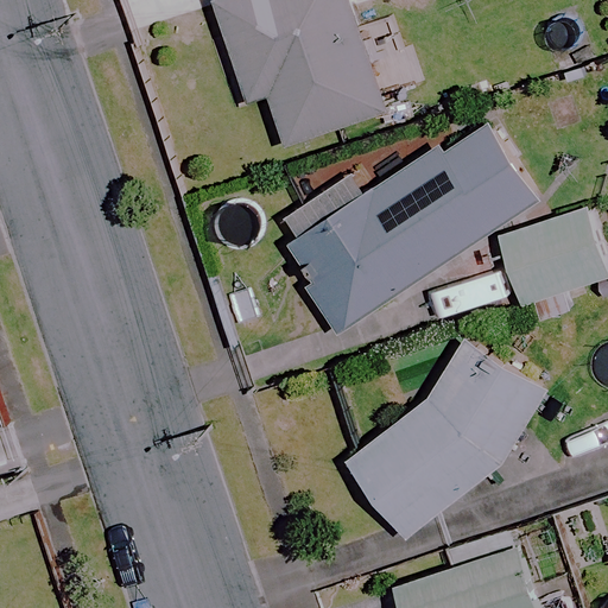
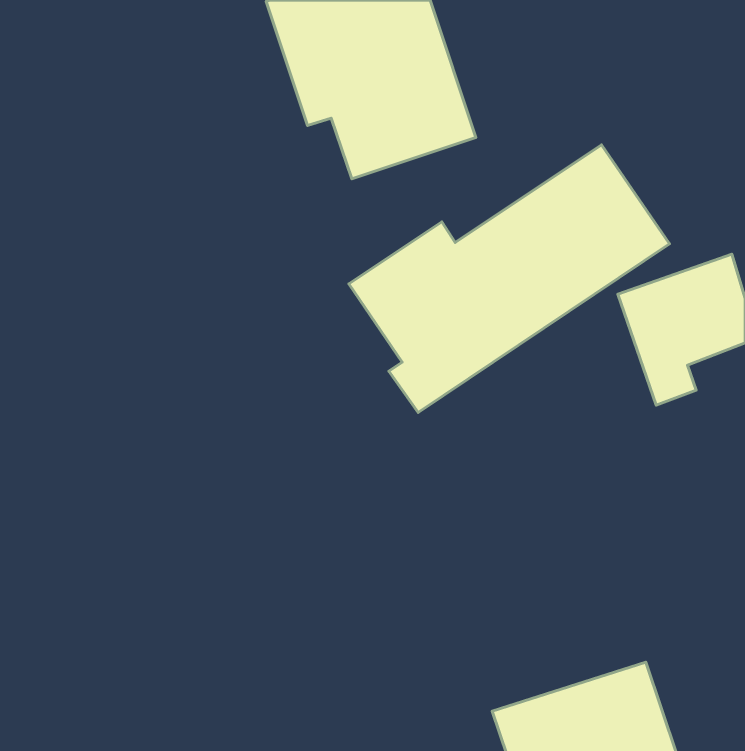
building: [341,338,546,542] -> none

